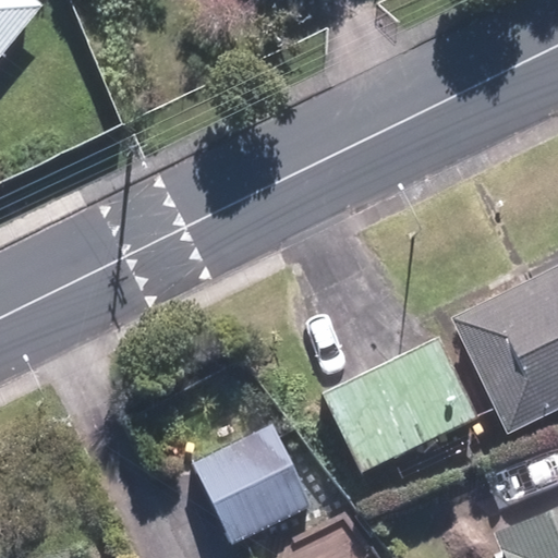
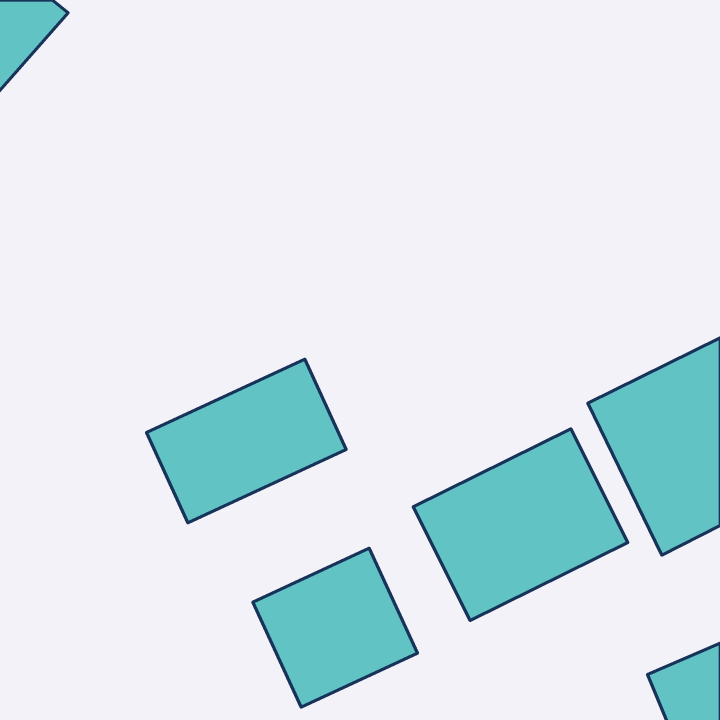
building: none -> [146,359,346,523]

